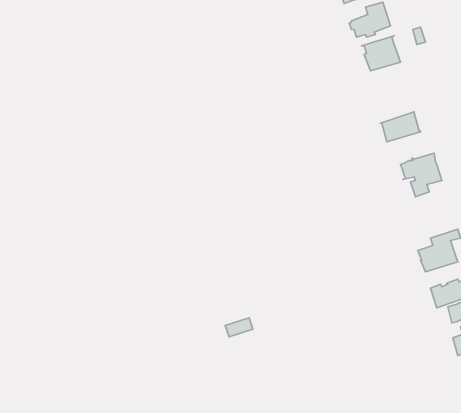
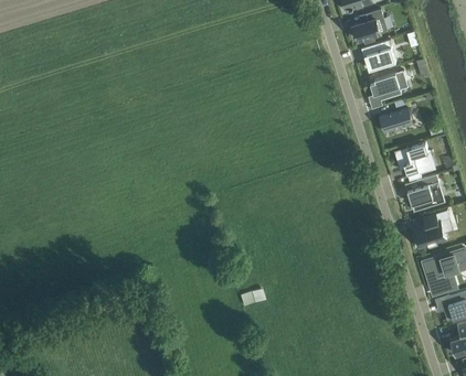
building: none -> [372,69,407,100]
building: none -> [407,174,441,211]

